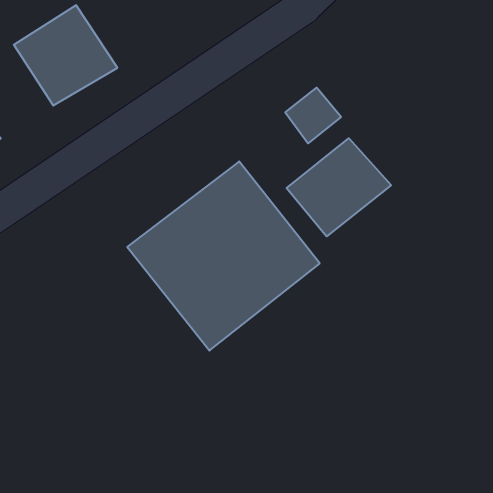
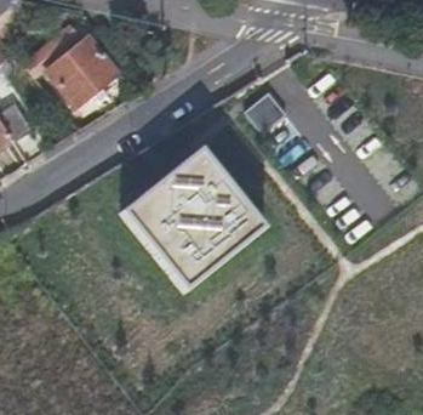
building: [287,138,391,236] -> none

